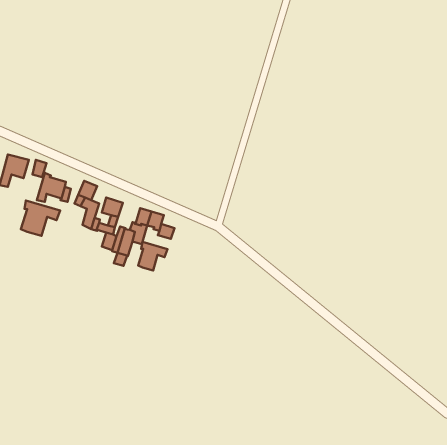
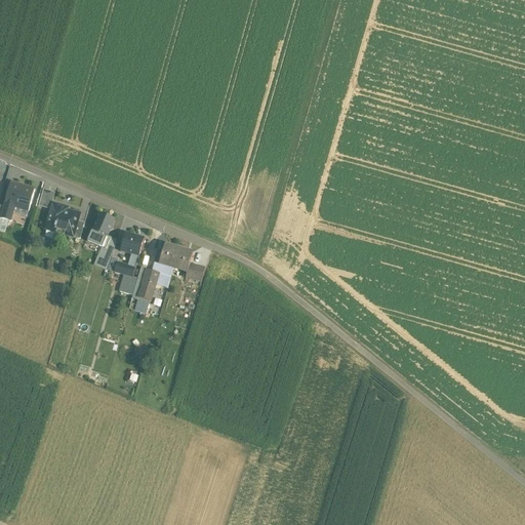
building: [21,200,60,236] -> none
building: [138,242,167,271] -> none

